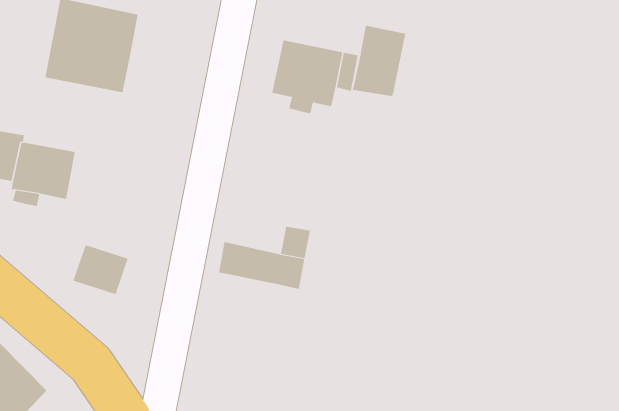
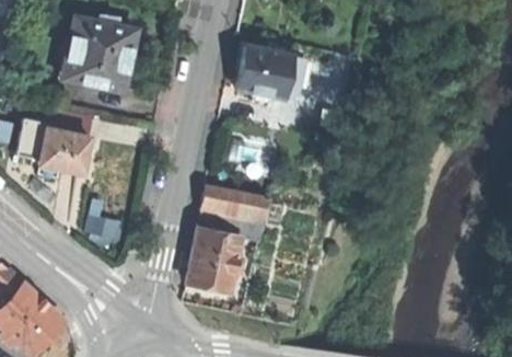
building: [352,25,406,97] -> none
building: none -> [201,185,249,216]
building: none -> [186,230,243,291]

